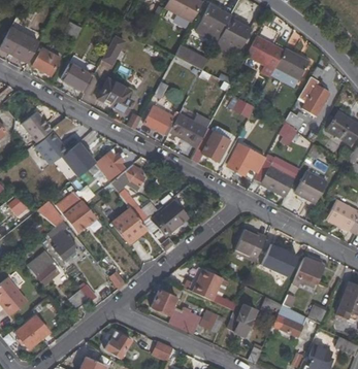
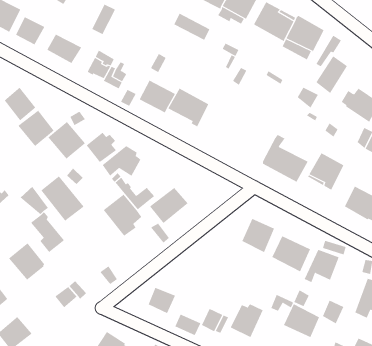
building: [201,126,232,161] -> none
building: [226,143,265,178] -> none
building: [192,270,221,300] -> none

